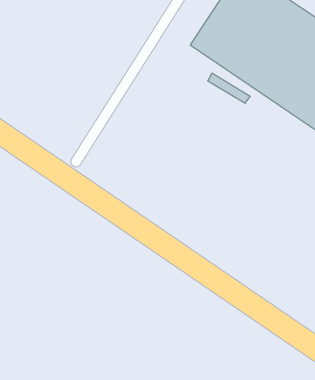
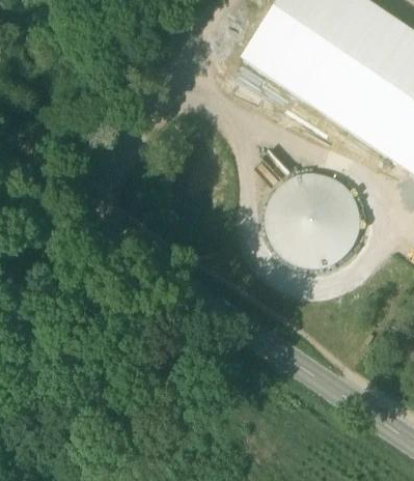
building: none -> [266,173,359,266]

